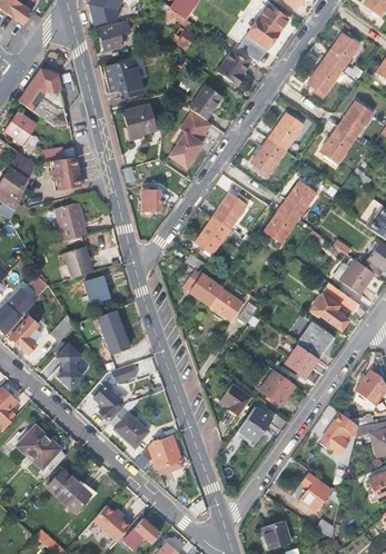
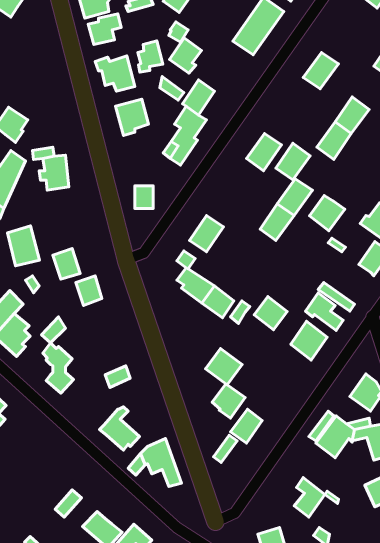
building: [325,32,360,69] -> none
building: none -> [138,41,163,72]
building: [220,52,251,87] -> [170,38,201,73]
building: [18,69,67,126] -> none
building: [269,112,303,148] -> [276,143,310,180]
building: [212,192,247,228] -> none
building: [56,202,87,241] -> [8,226,39,266]
building: [338,259,373,294] -> [309,195,345,231]
building: [97,309,131,355] -> none
building: [283,344,315,376] -> [254,297,287,330]
building: [257,368,293,404] -> [206,348,242,385]
building: [93,387,126,422] -> none
building: [18,425,65,475] -> none
building: [46,469,81,504] -> none

